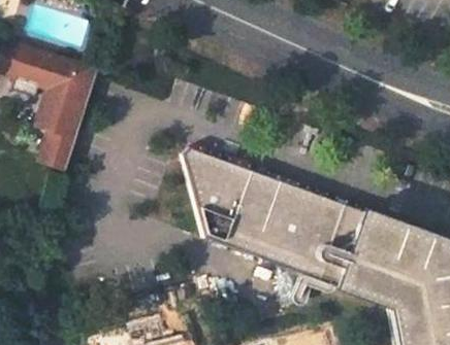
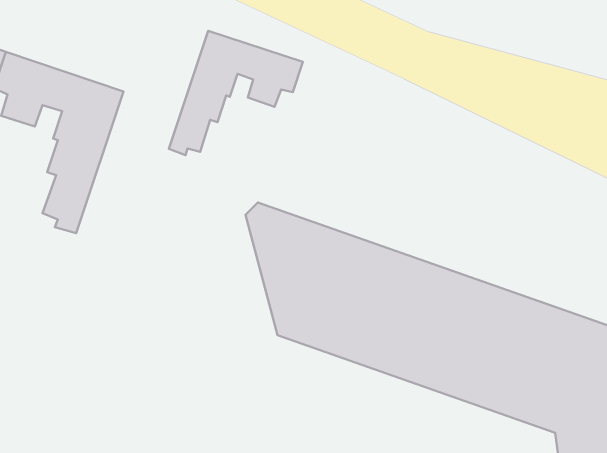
building: none -> [169,31,303,155]

